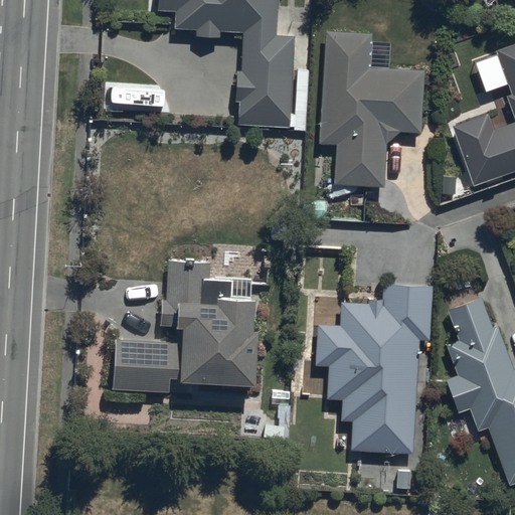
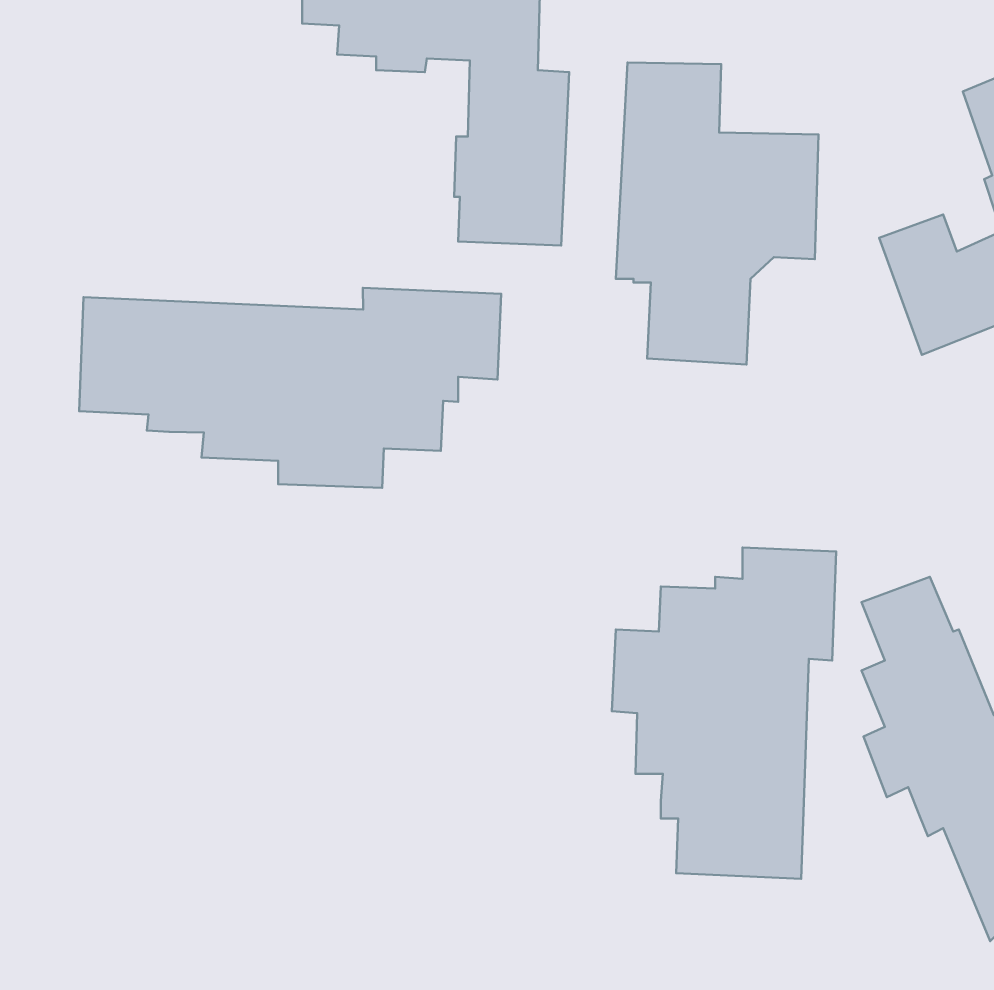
building: none -> [79,288,501,488]
building: [113,260,259,391] -> none

